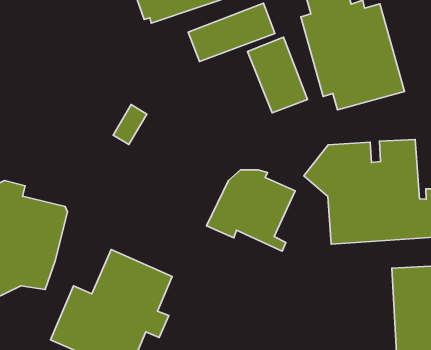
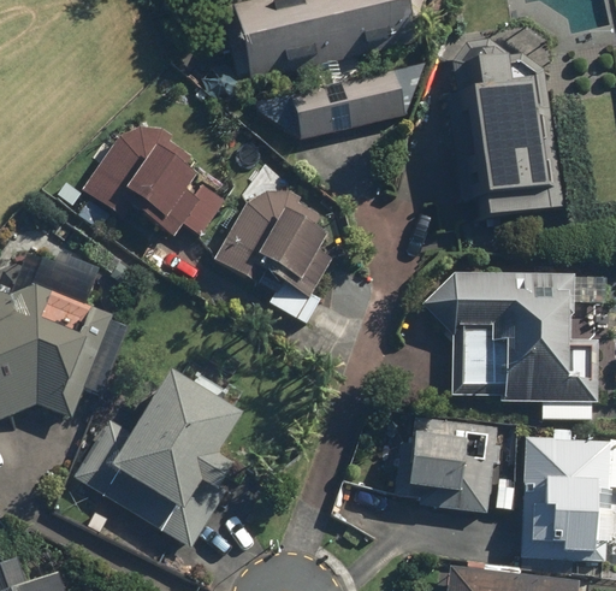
building: [247,37,307,113] -> none
building: none -> [82,125,195,226]
building: [207,170,295,251] -> [213,189,333,301]
building: none -> [391,415,502,516]

